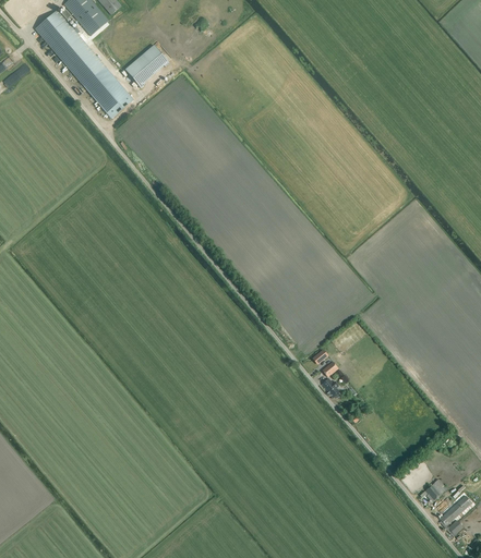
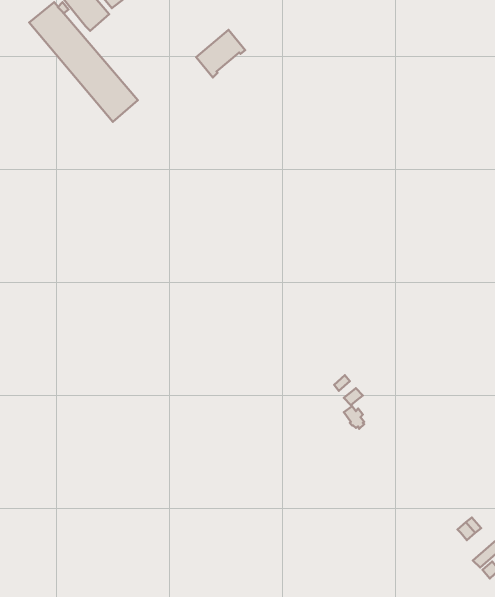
building: [124,44,169,87] -> [196,30,245,78]

